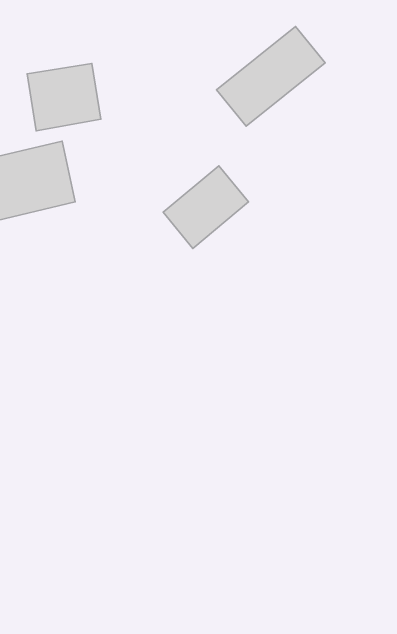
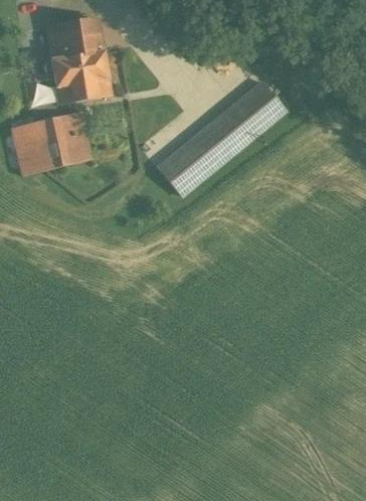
building: none -> [47,19,104,59]
building: [217,26,325,126] -> [202,81,287,159]

